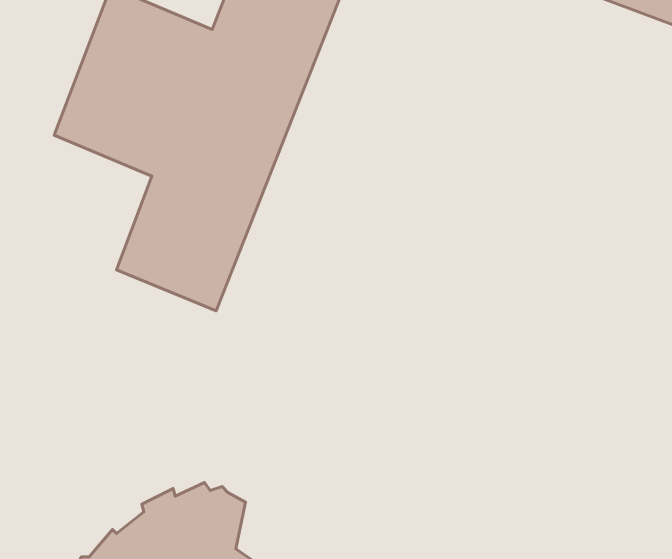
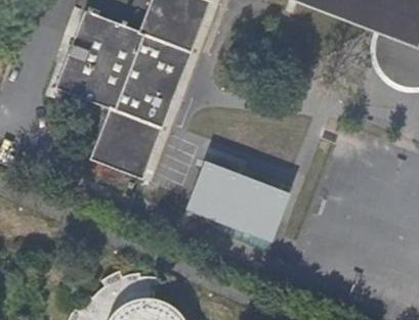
building: none -> [187,164,289,242]

